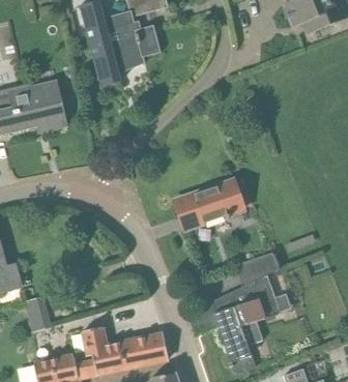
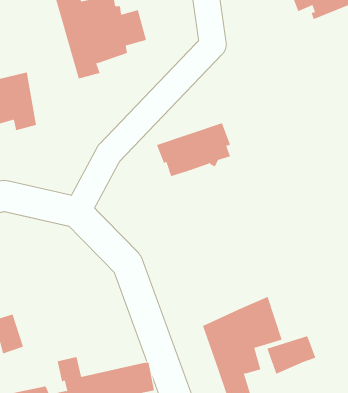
building: [176,179,241,227] -> [156,122,231,177]
building: [235,252,279,286] -> [266,335,316,374]

